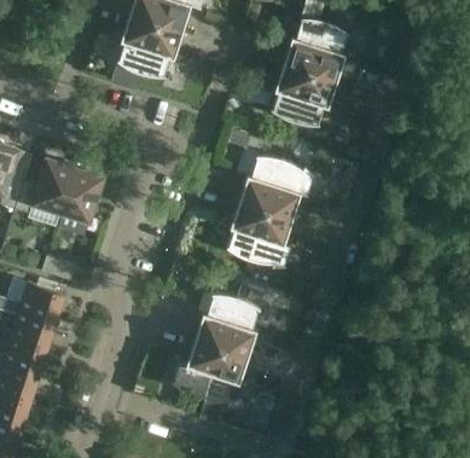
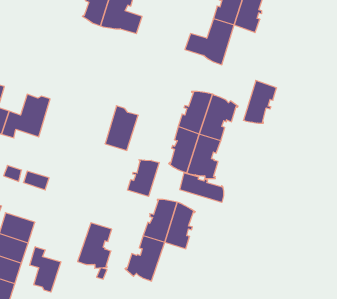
building: [294,71,336,126] -> [243,80,277,123]
building: [60,166,103,222] -> [105,106,138,150]
building: none -> [128,160,159,196]
building: none -> [180,173,224,202]
building: [18,283,64,323] -> none
building: [204,348,248,406] -> [78,223,112,268]
building: none -> [30,247,61,292]

